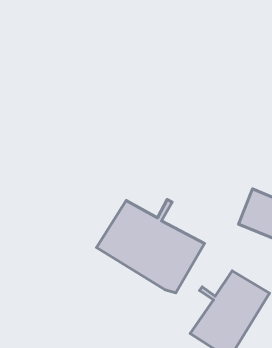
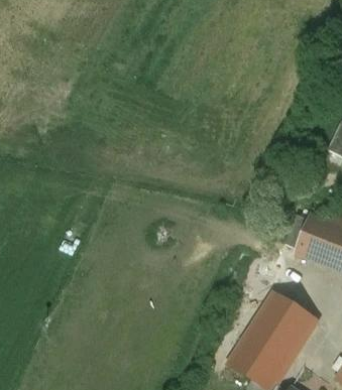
building: [97,200,204,293] -> none

